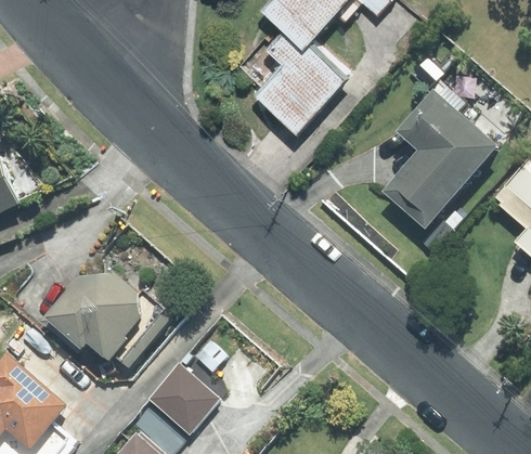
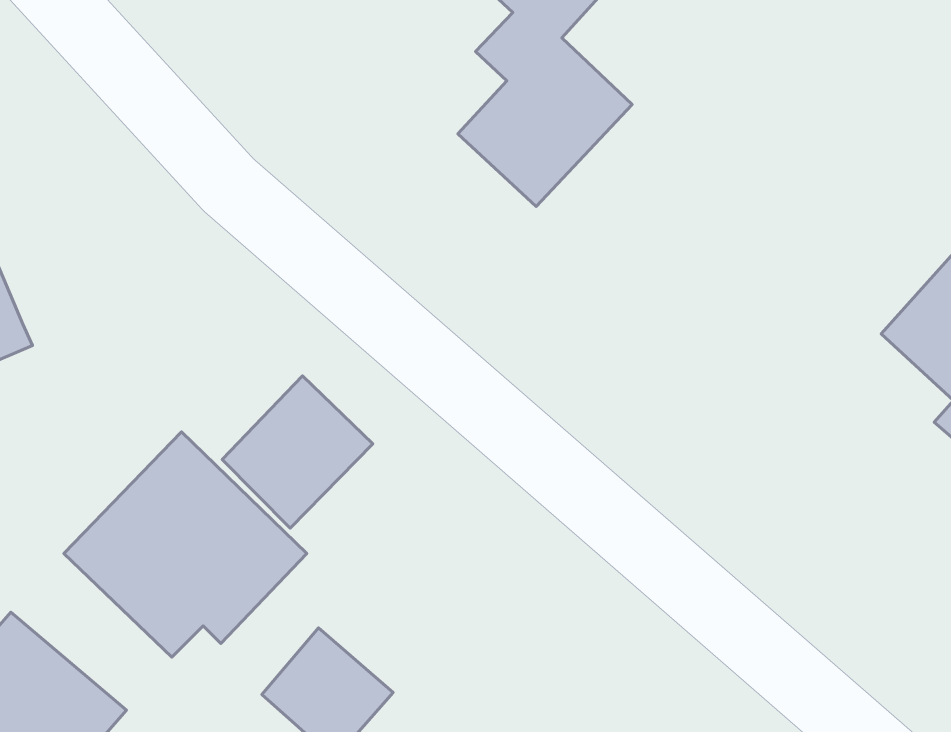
building: [386,91,500,228] -> none
building: none -> [222,376,373,528]

